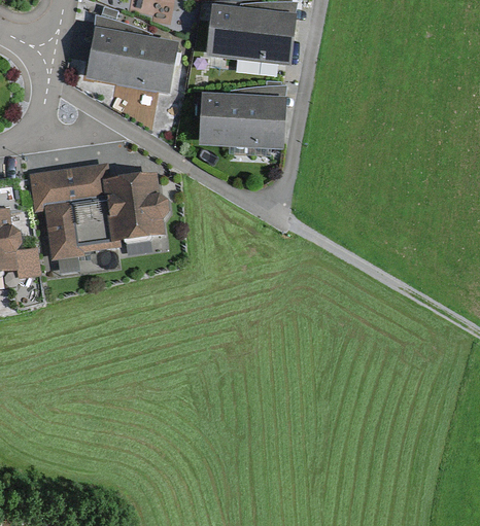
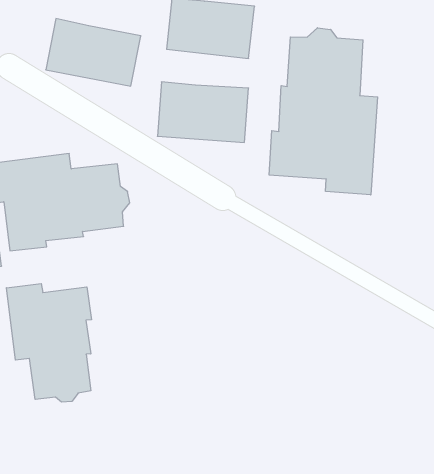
building: none -> [269,28,378,195]
building: none -> [6,284,91,402]

